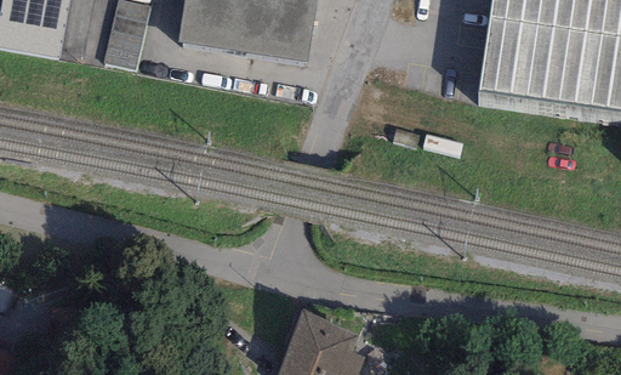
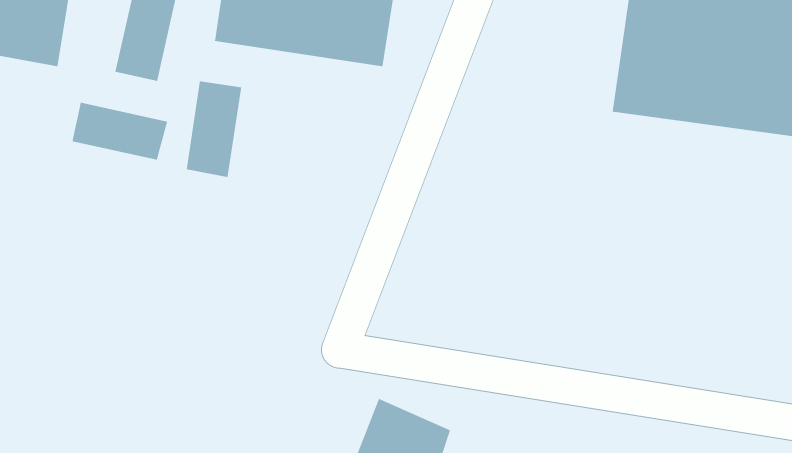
building: none -> [186,80,242,178]
building: none -> [72,102,168,160]

